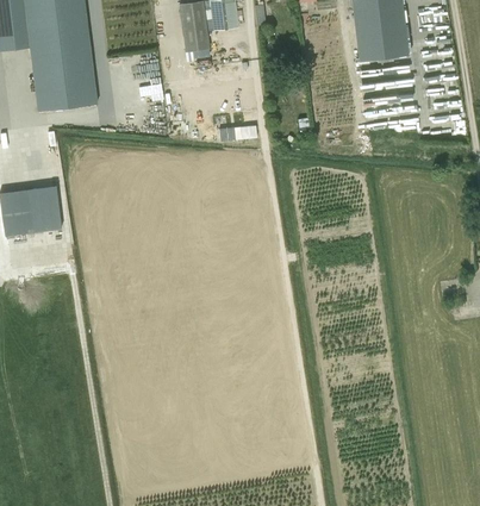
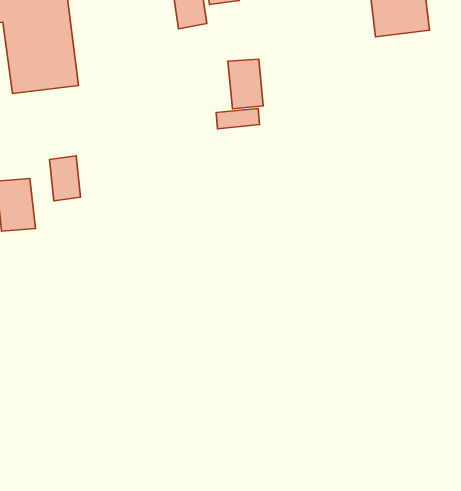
building: none -> [228,59,263,109]
building: none -> [49,156,81,201]

